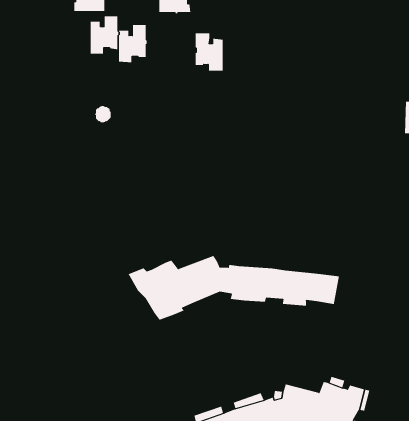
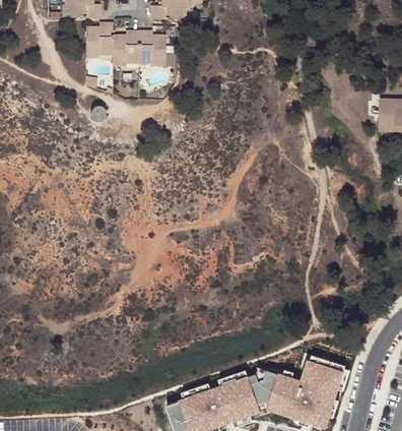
building: [195,33,223,71] -> [139,28,165,64]
building: [128,255,339,321] -> none

